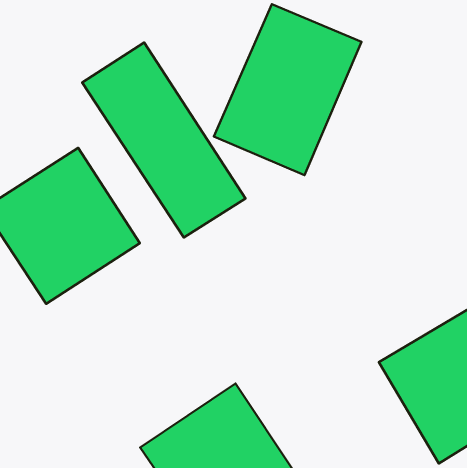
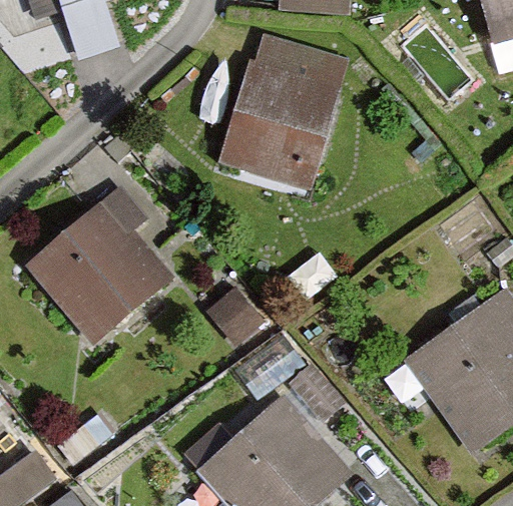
building: [82,42,246,237] -> none

